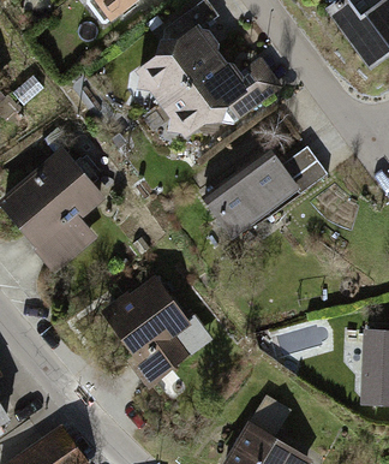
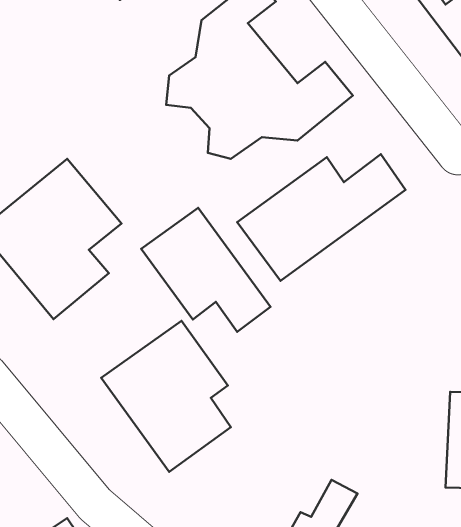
building: none -> [141,208,270,332]

